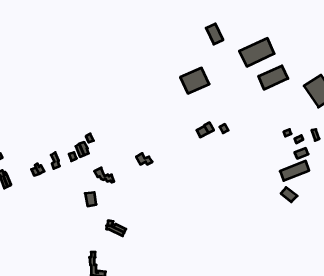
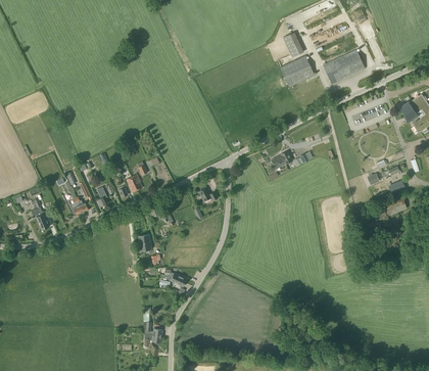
building: [259,66,288,89] -> none
building: [180,68,209,93] -> [280,56,315,87]

